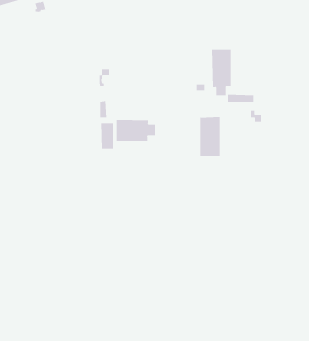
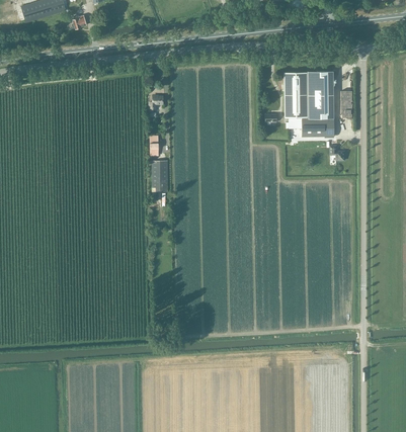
building: [199,117,221,156] -> [308,70,334,117]
building: [116,119,156,142] -> none

